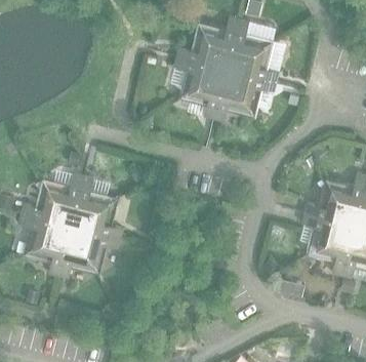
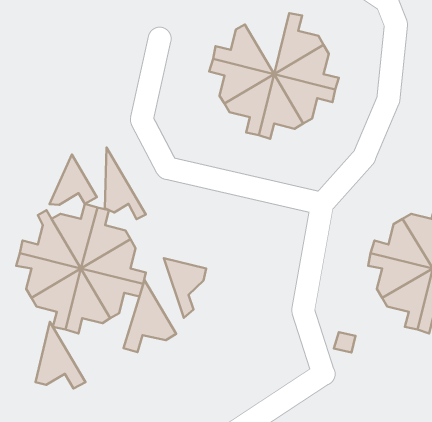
building: [203,14,239,67] -> none
building: none -> [105,148,146,219]
building: none -> [49,154,97,205]
building: none -> [164,258,206,318]
building: none -> [123,280,176,352]
building: none -> [36,322,86,389]

